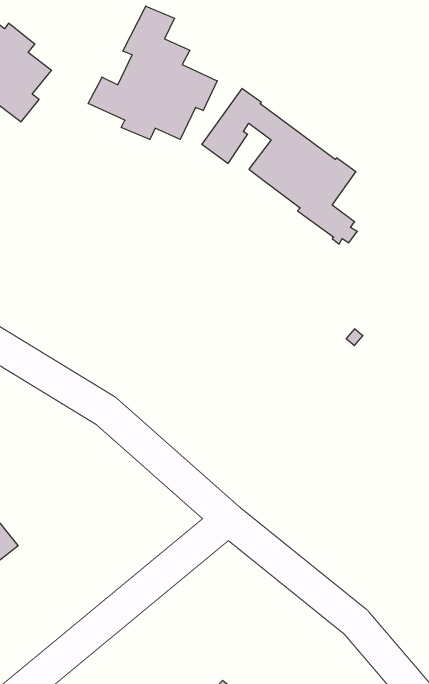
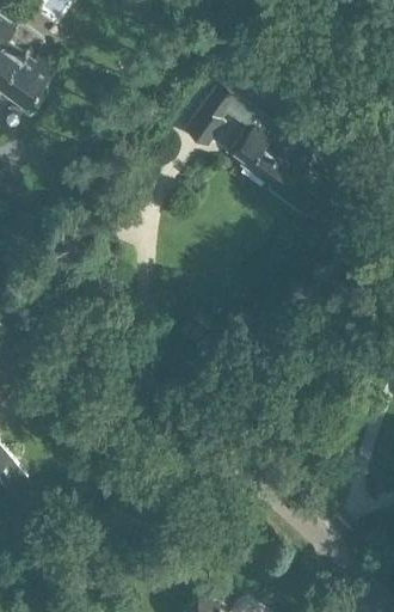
building: [88,6,217,140] -> none

